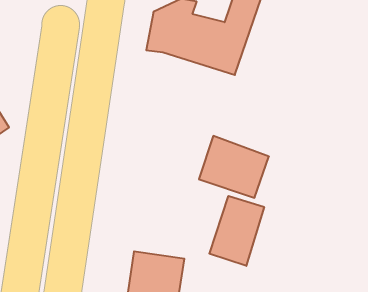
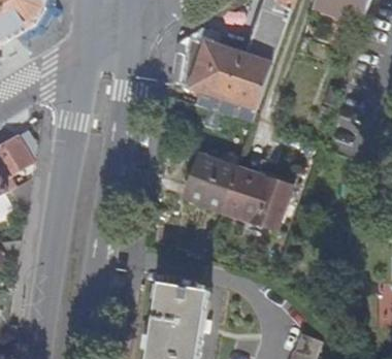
building: none -> [183,156,234,211]
building: [209,196,264,266] -> none

